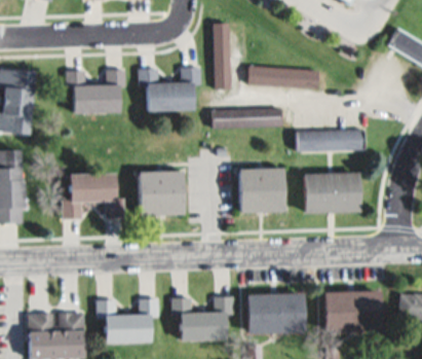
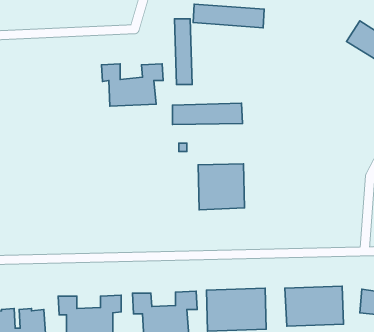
building: [247,65,318,88] -> [193,4,264,28]
building: [66,69,127,114] -> none
building: [296,130,366,151] -> none
building: [137,171,186,216] -> none
building: [303,172,360,214] -> none
building: [62,174,125,218] -> none

